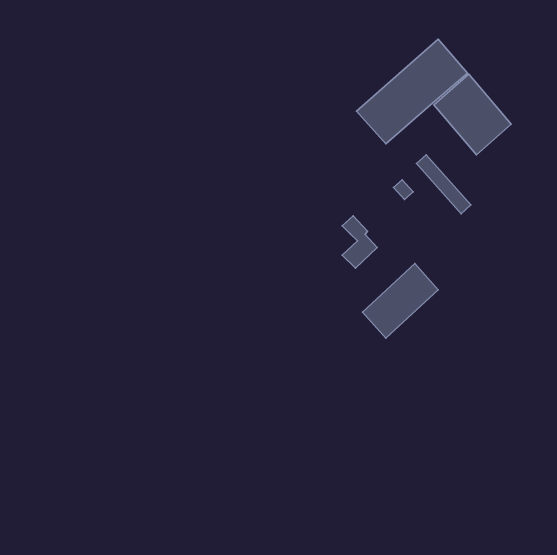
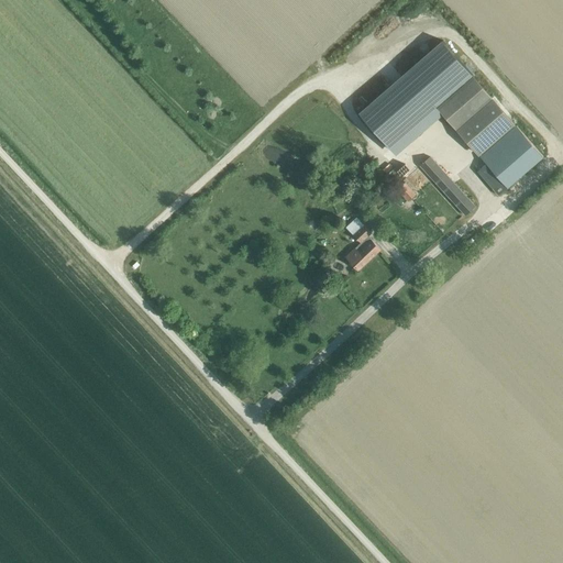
building: none -> [477,128,543,197]
building: [363,264,438,338] -> none

